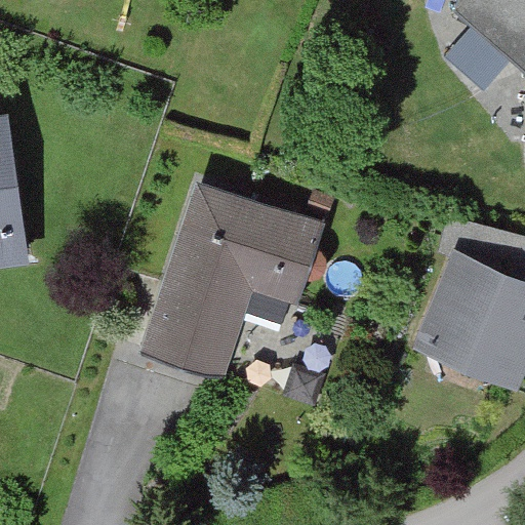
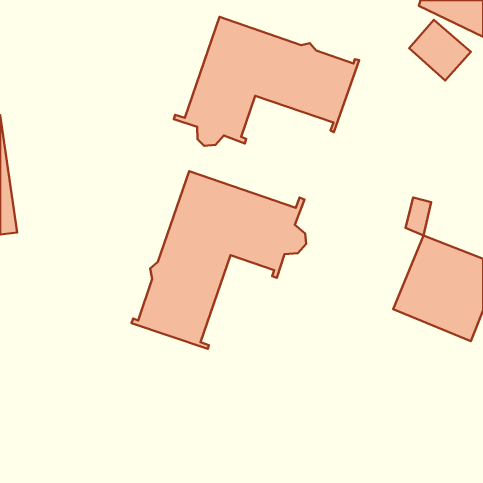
building: none -> [174,17,359,146]

